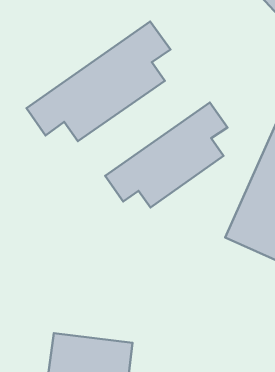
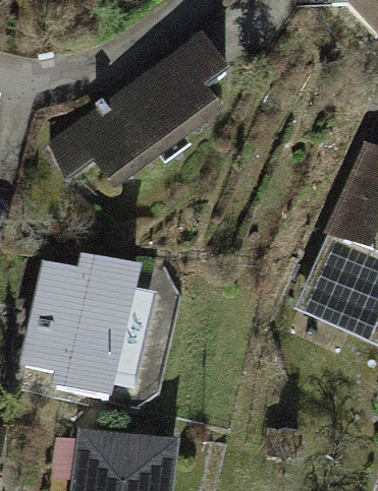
building: [105,102,227,207] -> none
building: none -> [18,253,141,397]

